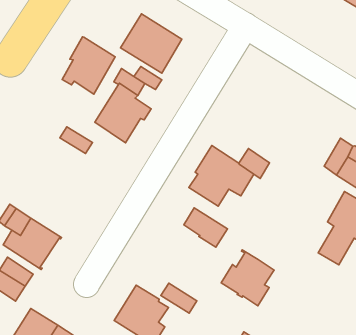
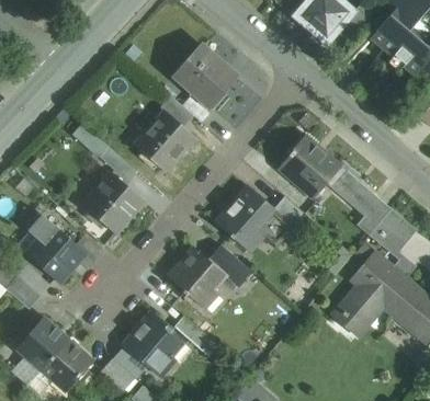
building: [62,37,115,94] -> none
building: none -> [281,136,367,204]
building: none -> [82,172,143,232]
building: [221,250,274,306] -> [168,249,223,307]

